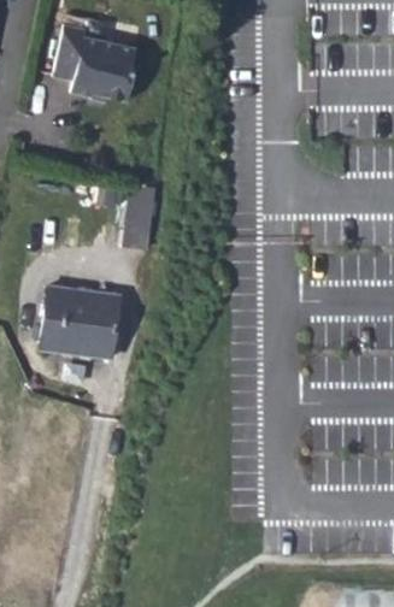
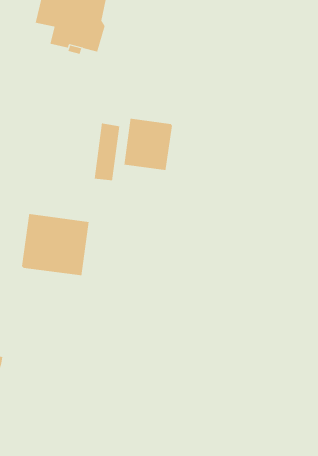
building: none -> [124,118,172,171]

